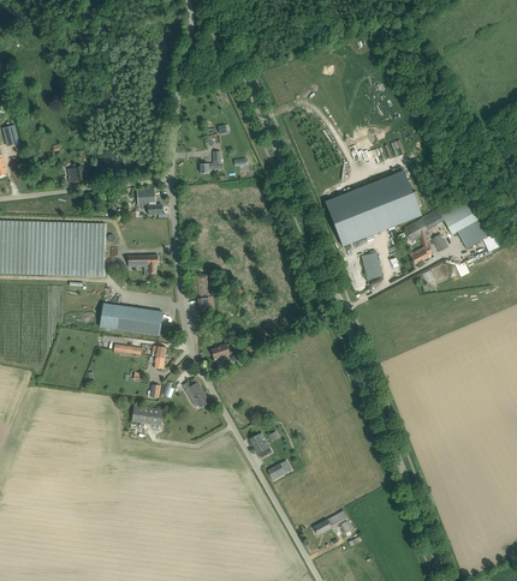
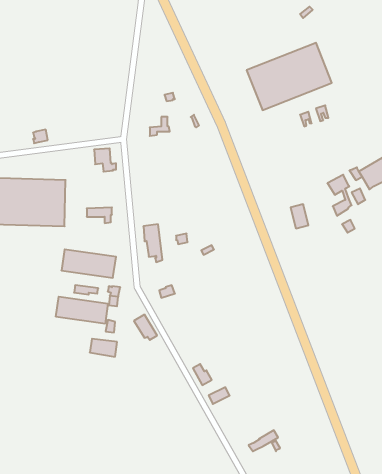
building: [325,170,422,247] -> [247,43,332,110]
building: none -> [56,297,108,324]

